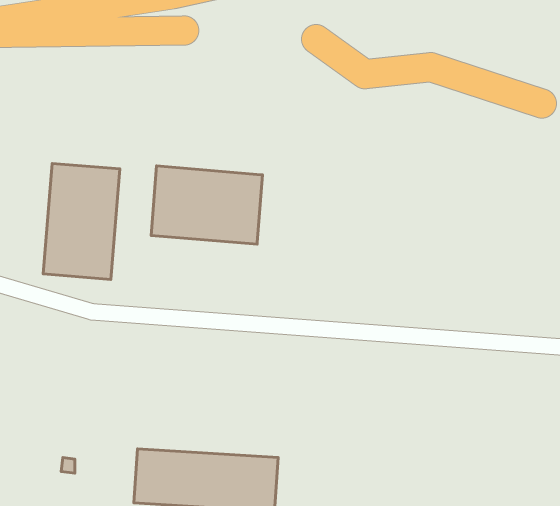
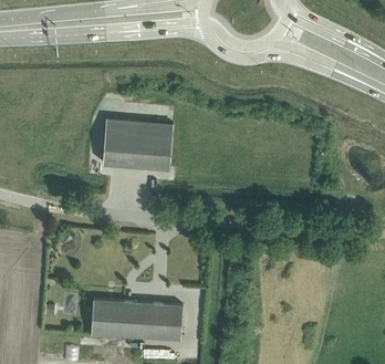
building: [43,163,120,279] -> none

